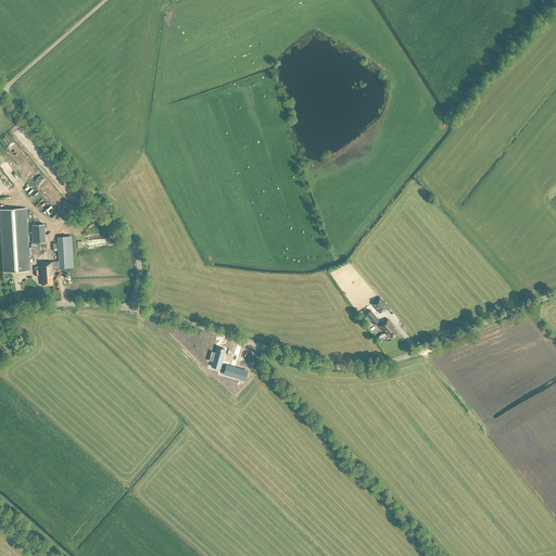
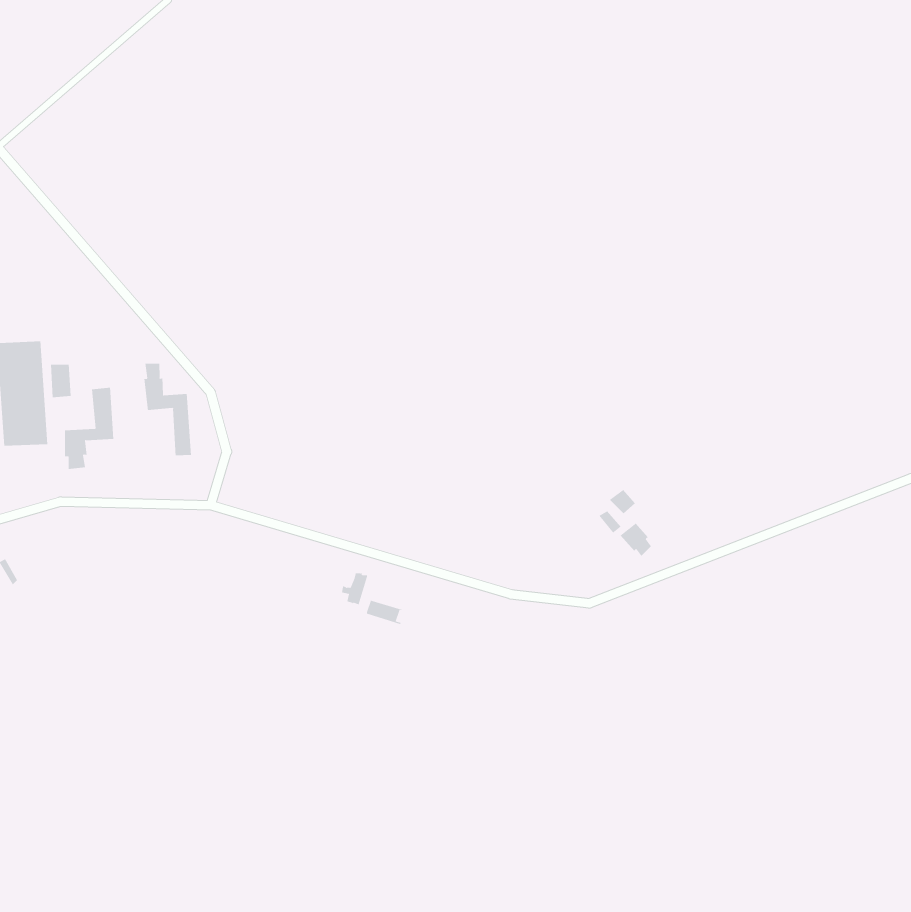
building: none -> [144,363,191,456]

